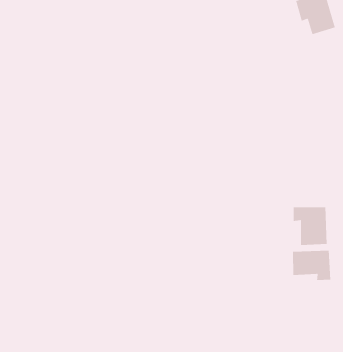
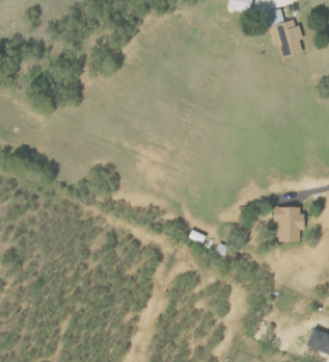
building: [292,250,331,281] -> none

